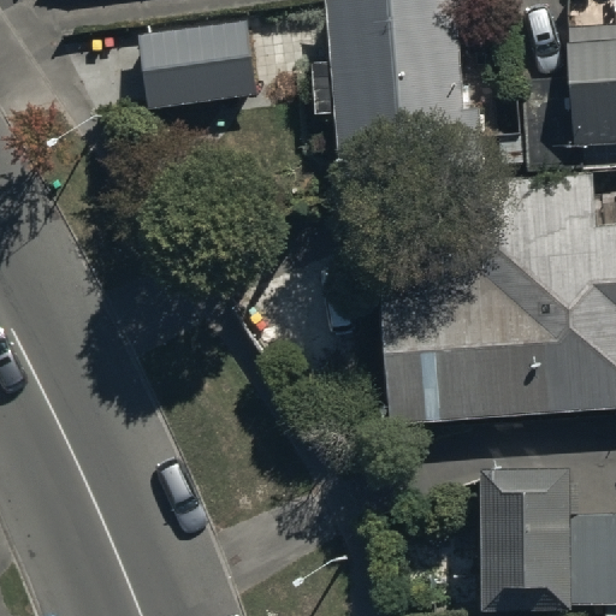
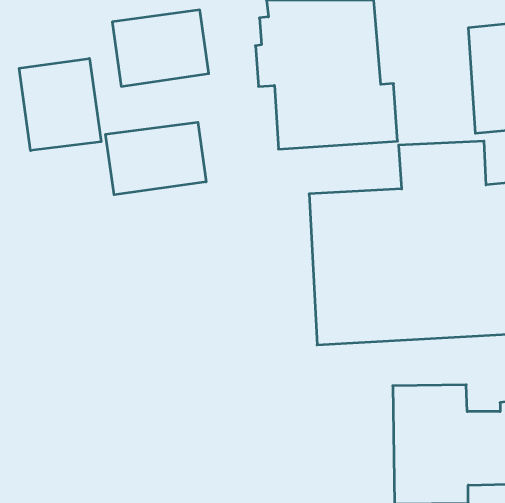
building: none -> [19,58,101,151]
building: none -> [106,122,206,195]

